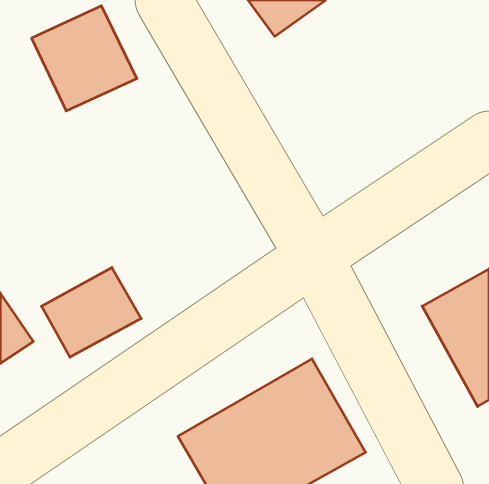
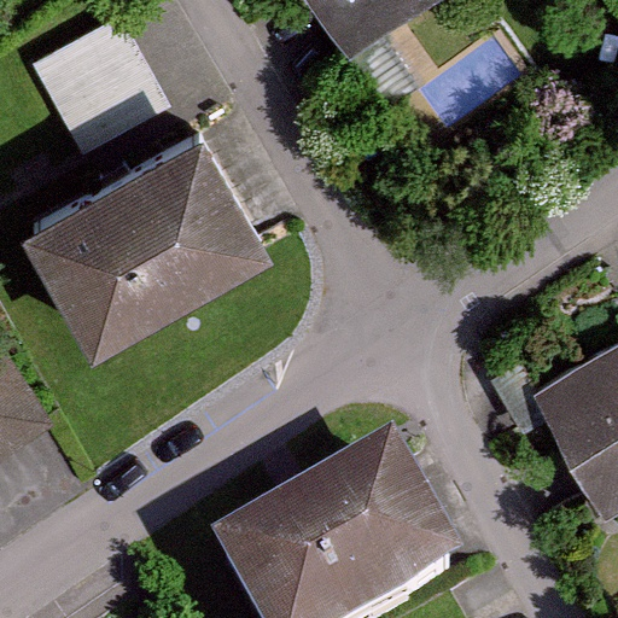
building: none -> [24,141,253,349]
building: [41,267,141,357] -> none

